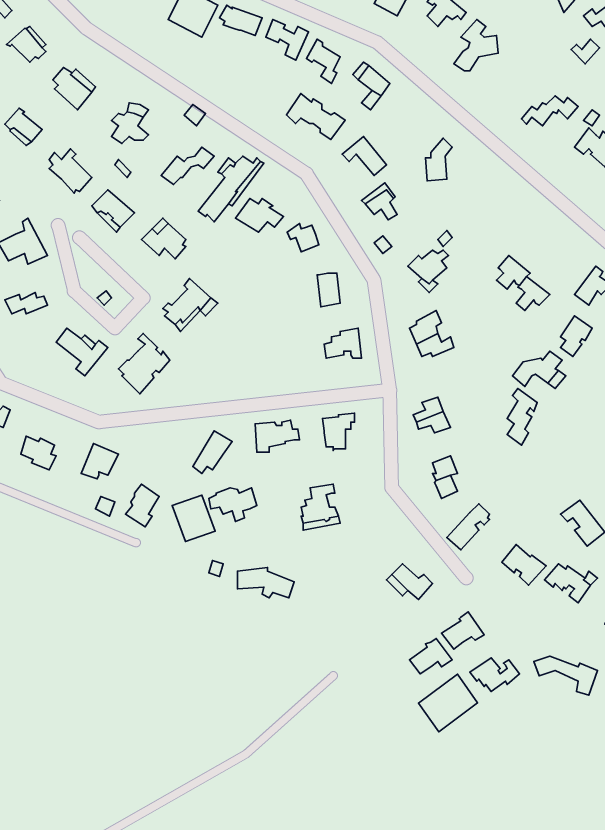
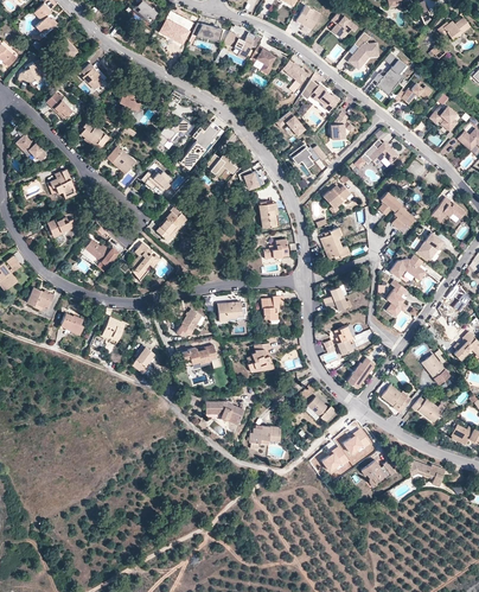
building: none -> [376,55,405,96]
building: [287,93,345,140] -> [301,81,340,112]
building: none -> [355,141,400,171]
building: [172,495,215,542] -> none
building: none -> [250,424,281,446]
building: [419,674,478,732] -> none

